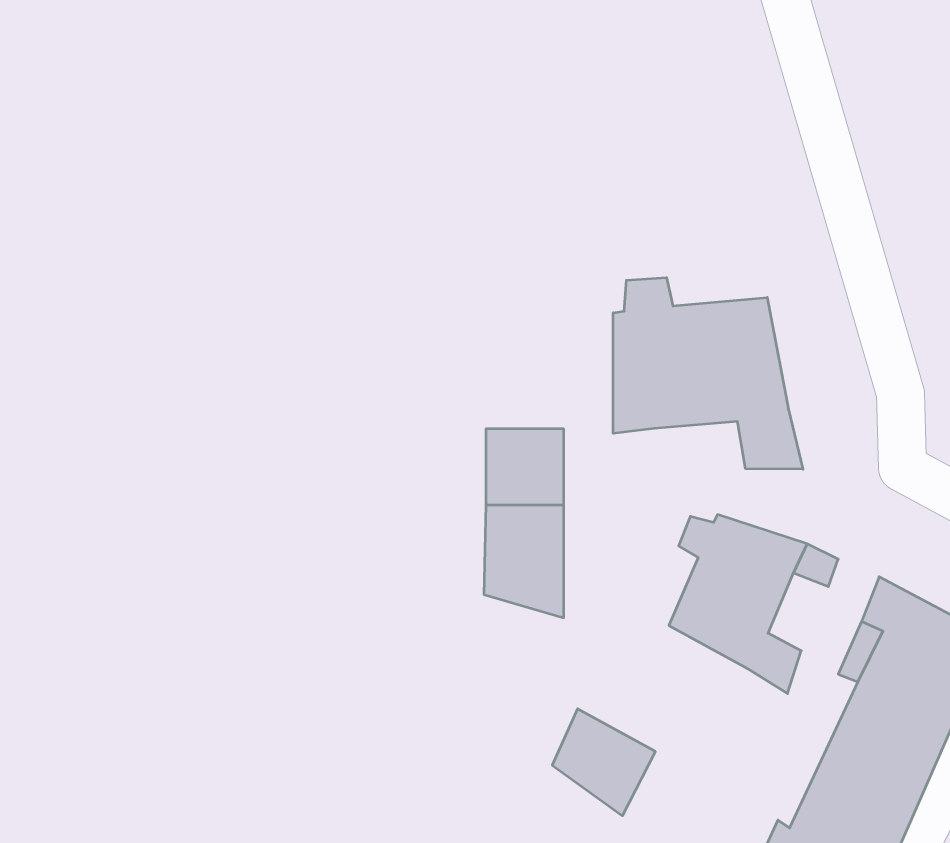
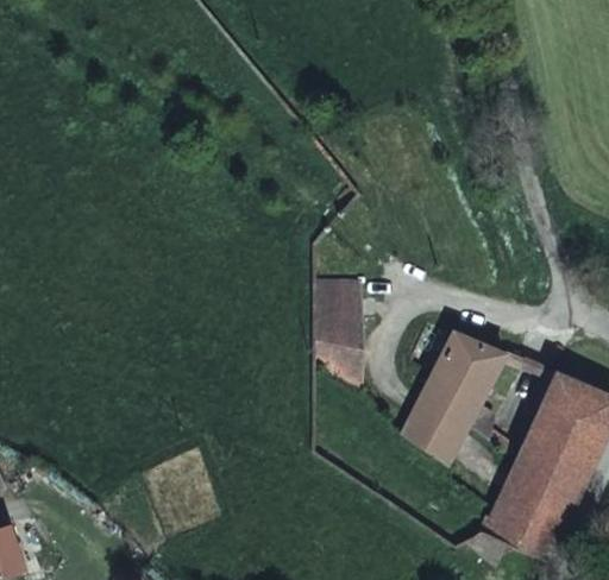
building: [613,278,803,469] -> none
building: [552,709,655,816] -> [407,397,470,462]

